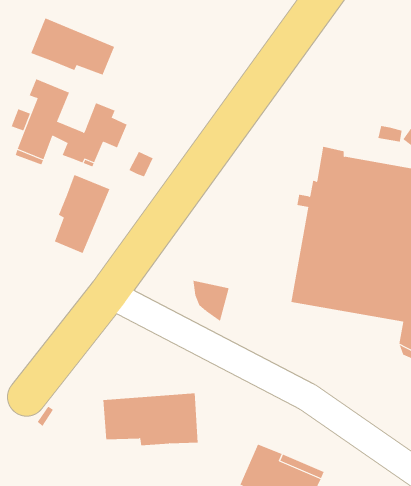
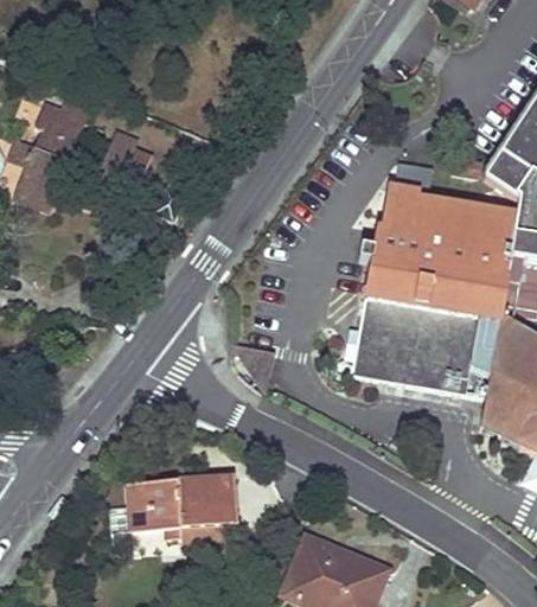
building: [31,17,115,75] -> none
building: [54,174,110,254] -> none

